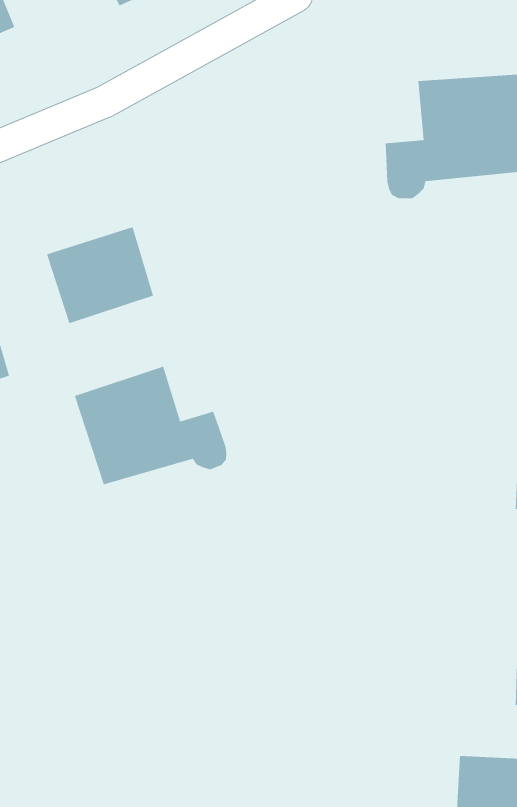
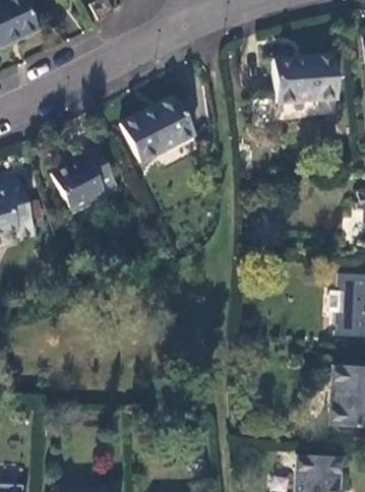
building: none -> [129,101,200,160]
building: [74,366,227,485] -> none

